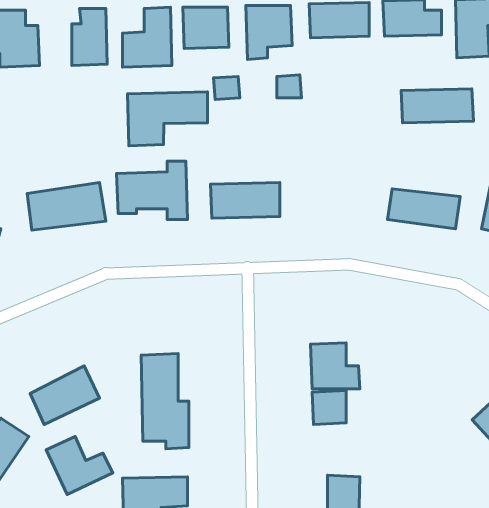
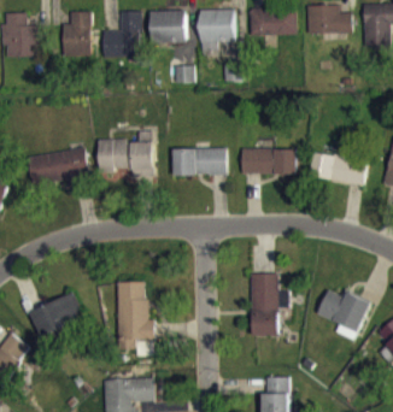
building: [401,89,473,123] -> [240,148,297,175]
building: [128,92,208,146] -> none
building: none -> [317,290,371,341]
building: [46,437,113,494] -> none

